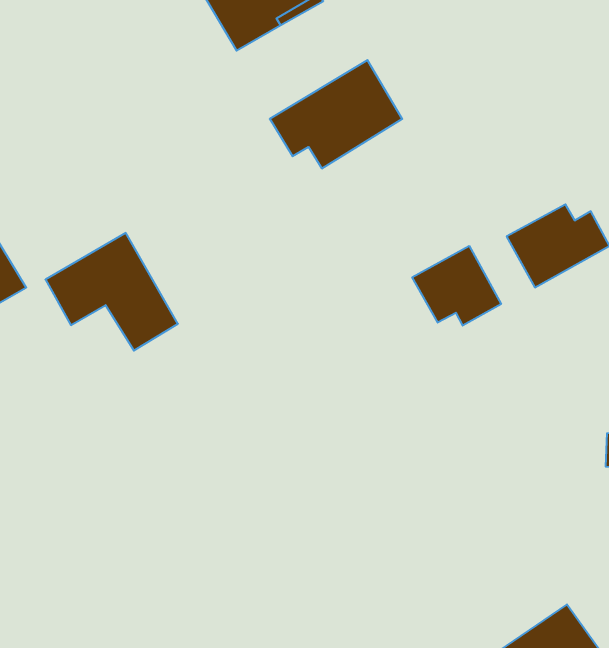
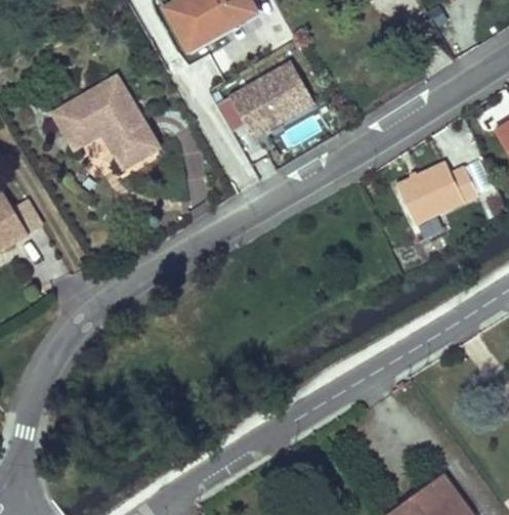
building: [45,233,178,351] -> [56,77,158,167]
building: [412,246,501,326] -> none

